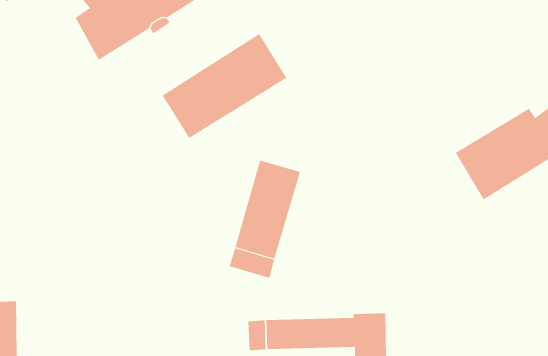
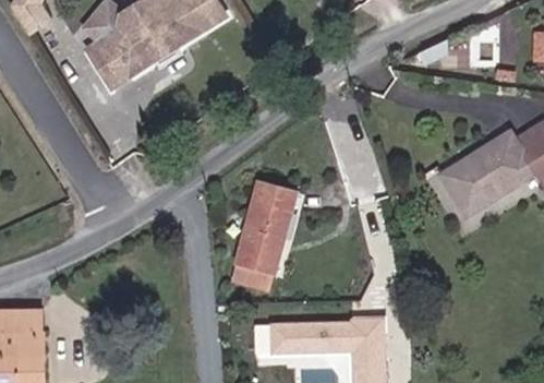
building: [162,33,287,139] -> none

